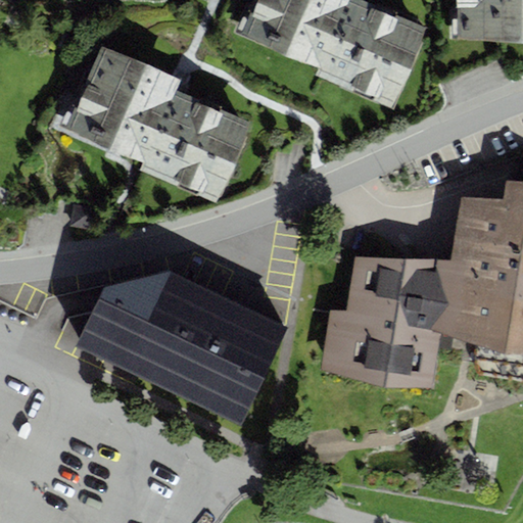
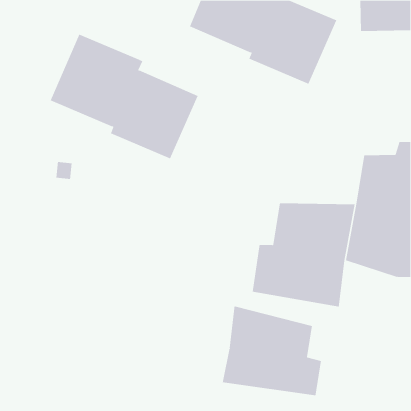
building: [76,272,287,425] -> none
building: none -> [222,305,322,396]

